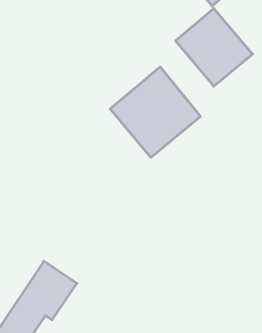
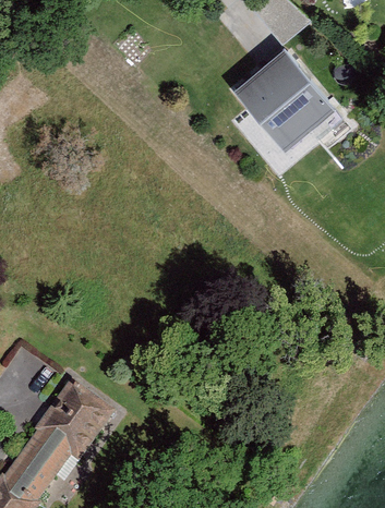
building: [110,67,200,157] -> none

